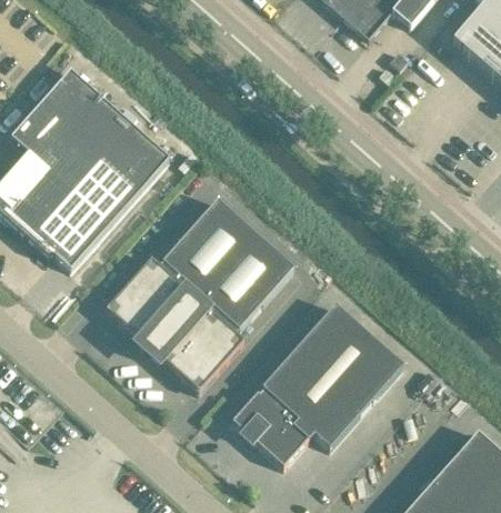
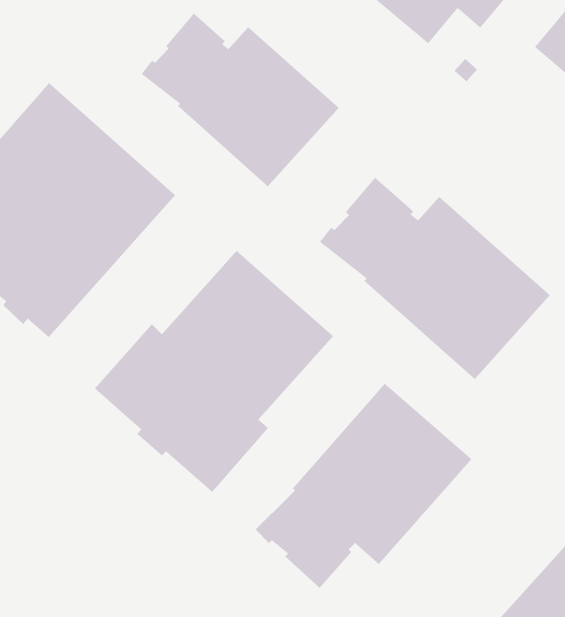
building: none -> [141,13,339,187]
building: none -> [319,177,551,380]

